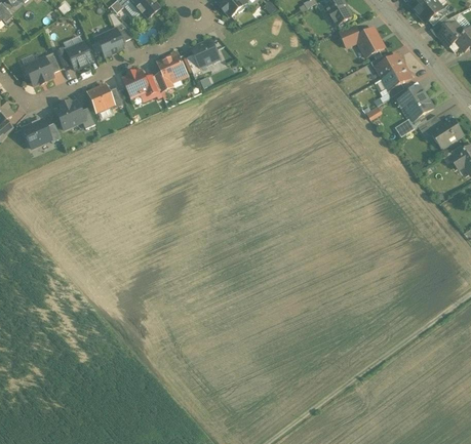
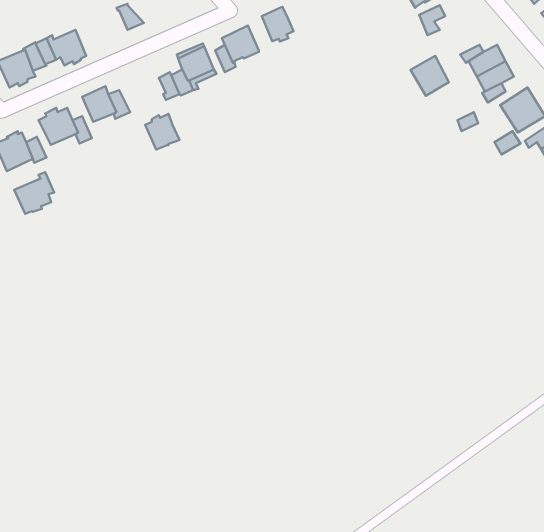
building: none -> [262,7,294,42]
building: [355,27,384,56] -> [411,56,449,96]
building: [95,28,123,55] -> none
building: [124,70,150,96] -> [145,114,179,149]
building: none -> [14,172,54,214]

